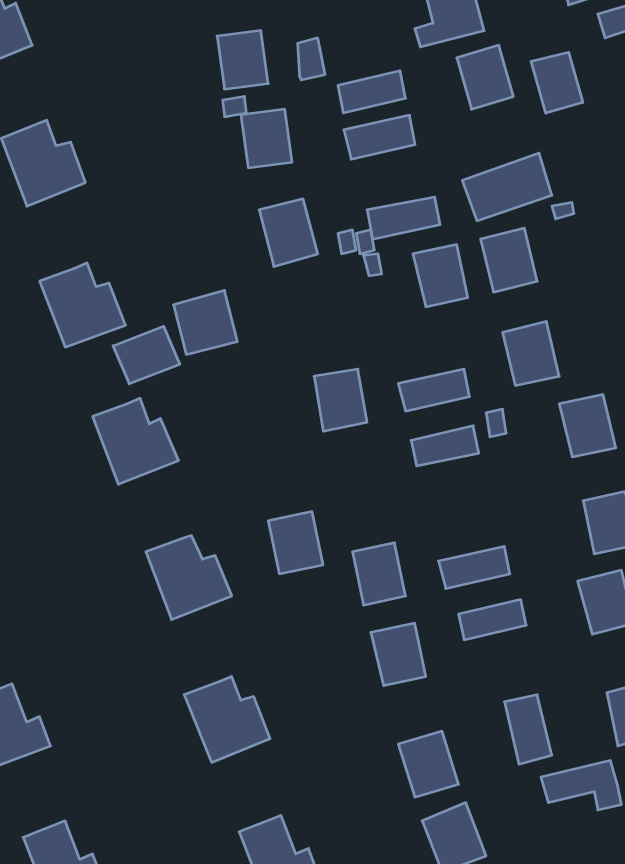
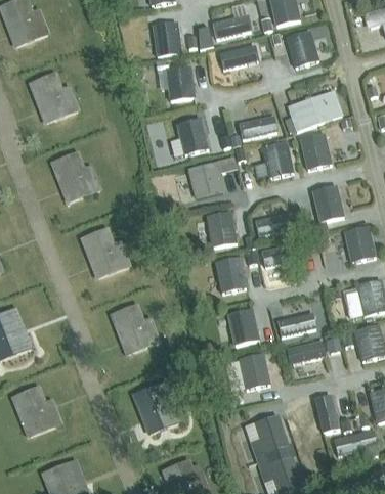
building: [531,52,583,113] -> none
building: [344,115,415,159] -> [212,14,252,39]
building: [173,290,237,354] -> [187,162,223,197]
building: [113,326,180,384] -> none
building: [268,512,323,574] -> [215,257,246,291]

